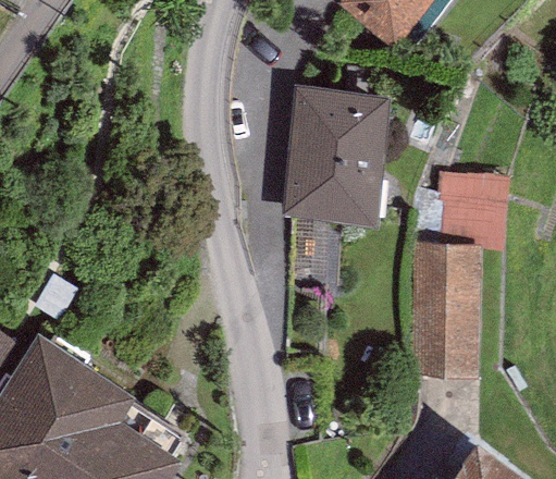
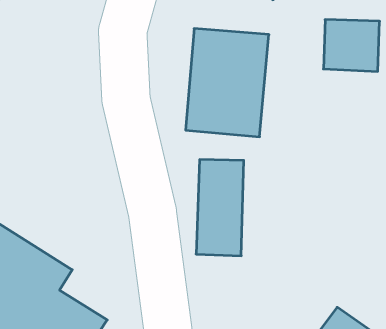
building: [448,174,520,241] -> [323,20,380,71]
building: [415,245,475,368] -> [196,160,244,256]

